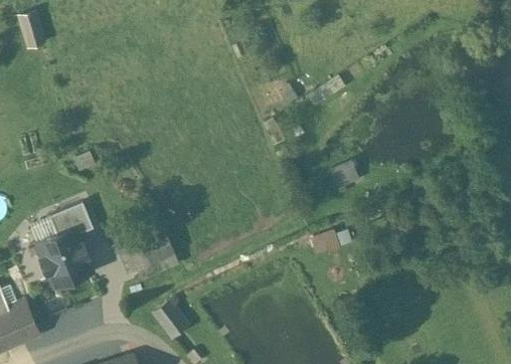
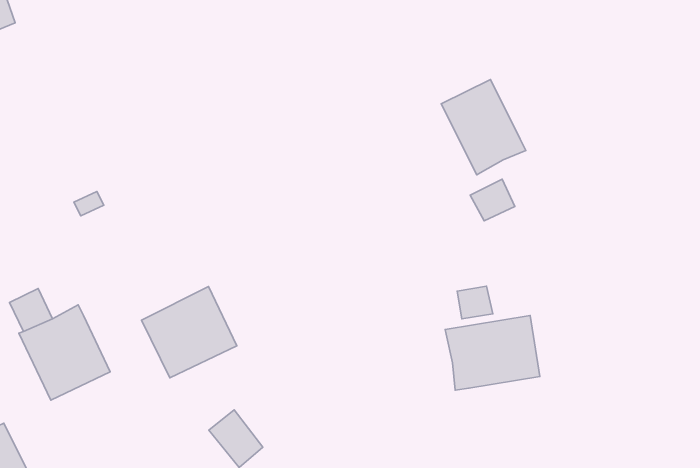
building: none -> [441,79,526,175]
building: [50,202,94,235] -> none
building: none -> [445,316,540,390]

